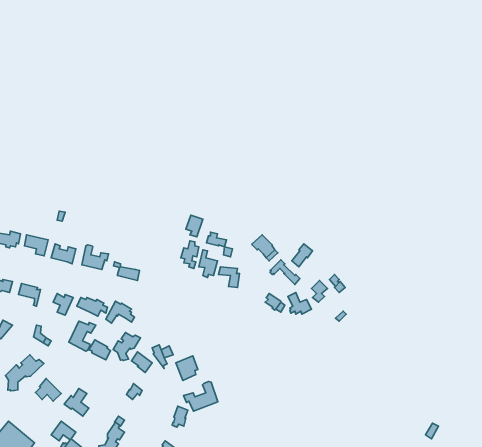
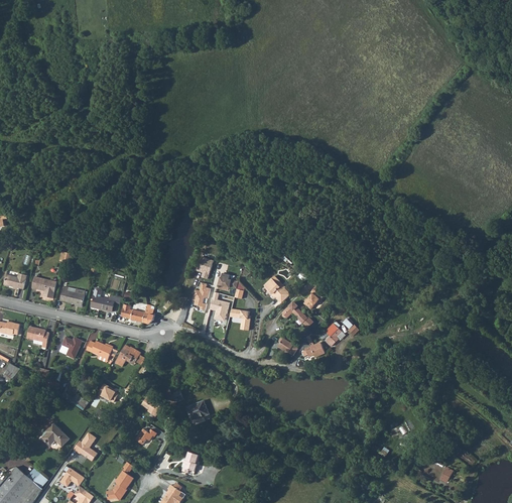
building: [69,321,96,351] -> none
building: [113,332,140,361] -> none
building: [5,355,44,391] -> none
building: [183,382,218,411] -> none

